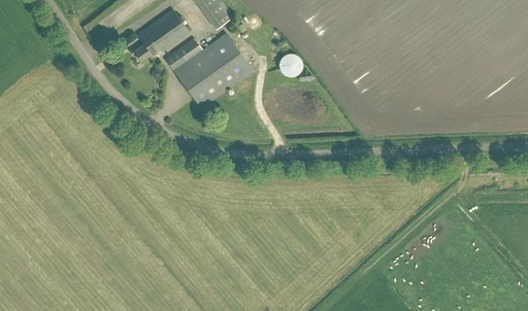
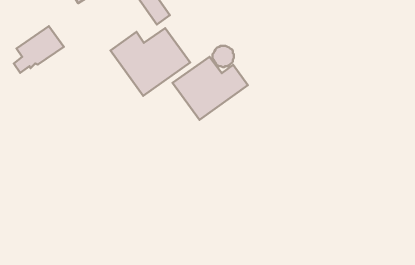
building: [134,10,190,62] -> [14,26,64,73]
building: none -> [173,57,248,120]

